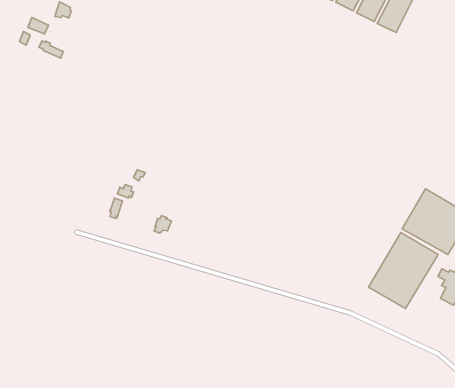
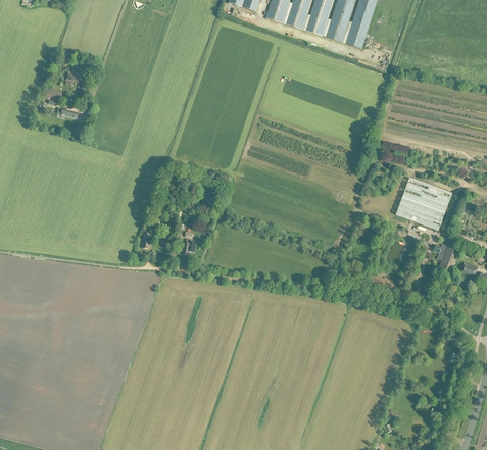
building: [368,232,438,308] -> none

